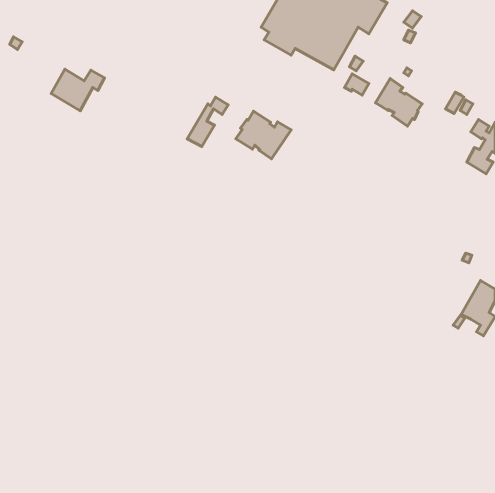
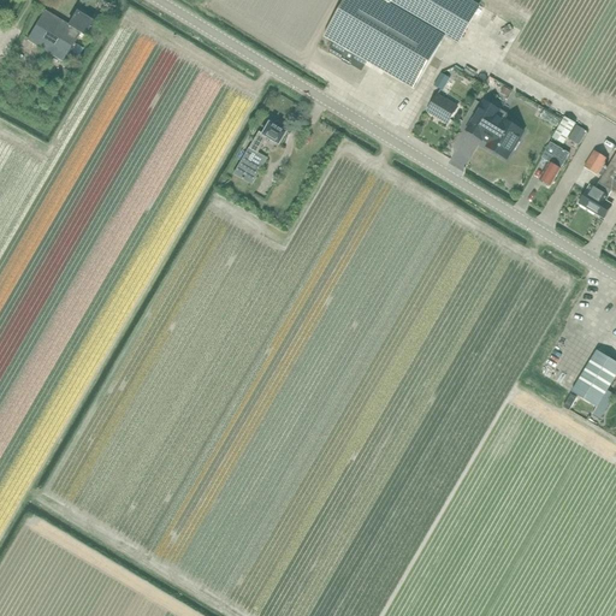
building: [51,69,105,111] -> [26,7,93,59]
building: [236,111,291,159] -> none
building: none -> [539,140,569,184]

